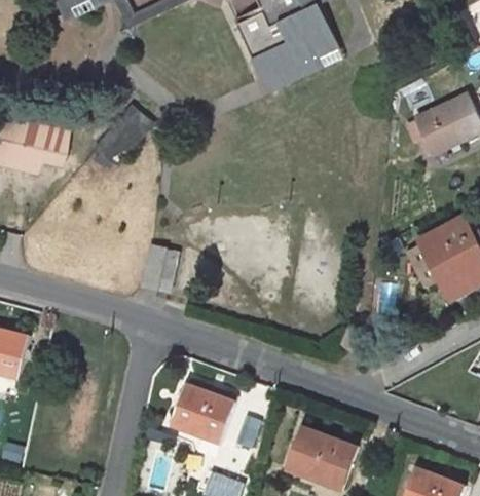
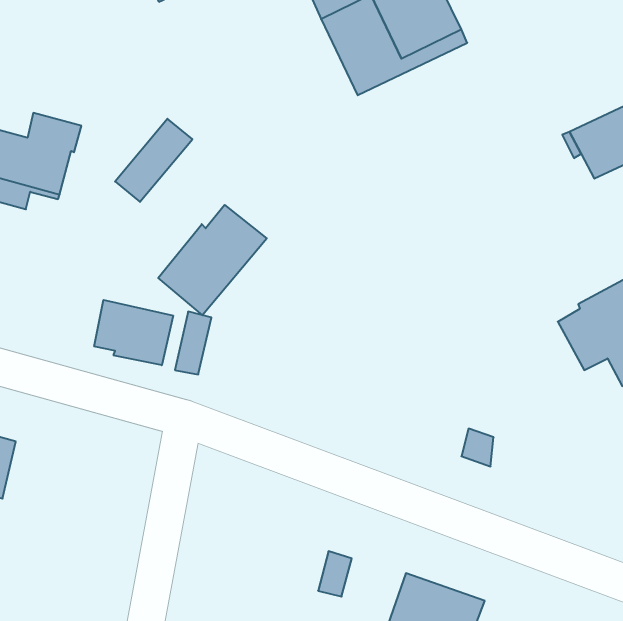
building: none -> [158,205,267,315]
building: none -> [94,300,173,365]
building: [171,384,234,440] -> none

